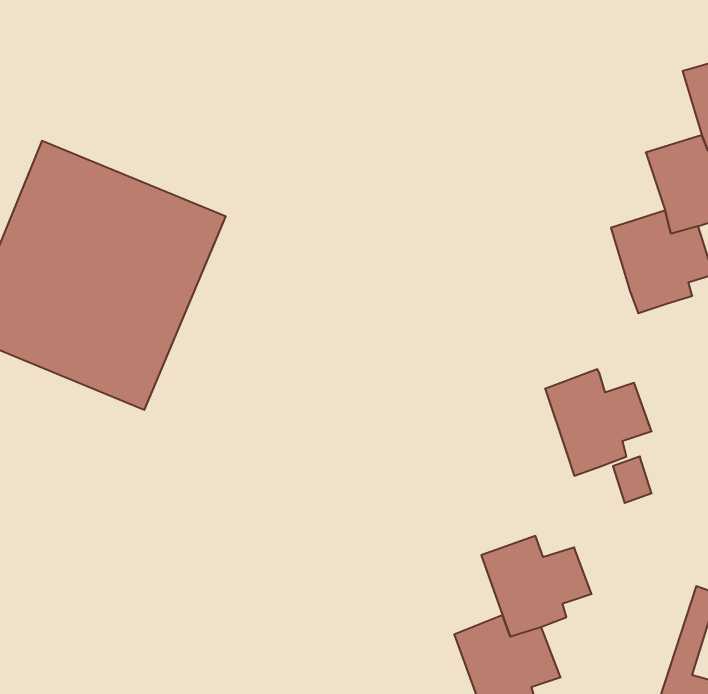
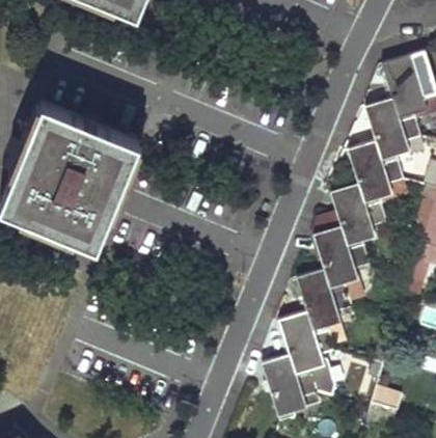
building: none -> [329,186,386,240]
building: none -> [295,272,351,328]

